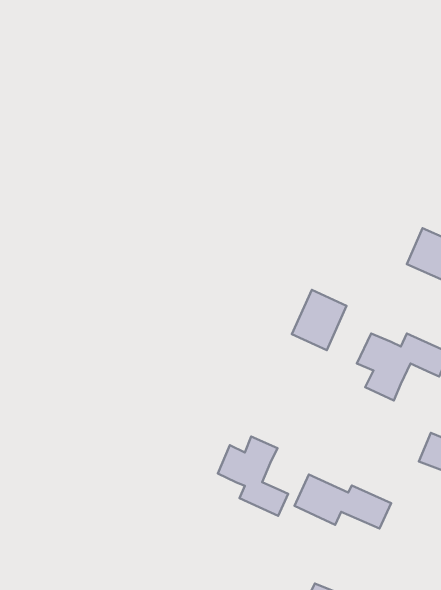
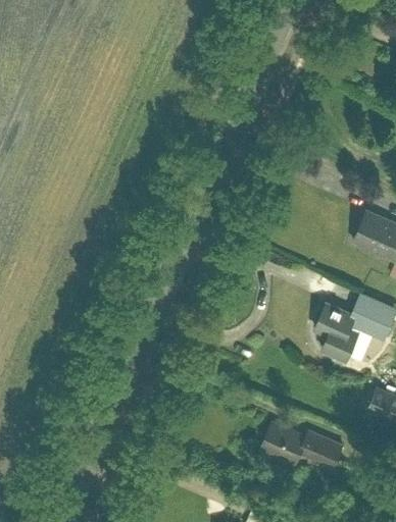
building: [292,290,347,350] -> none
building: [218,436,288,516] -> none

